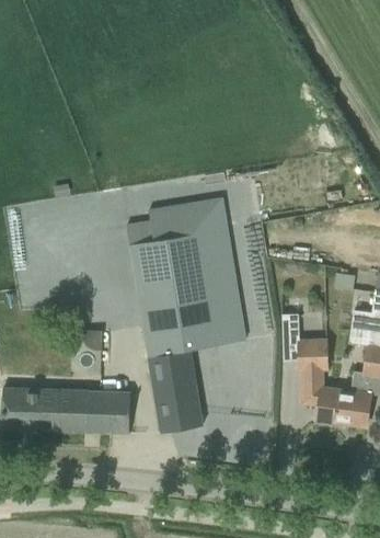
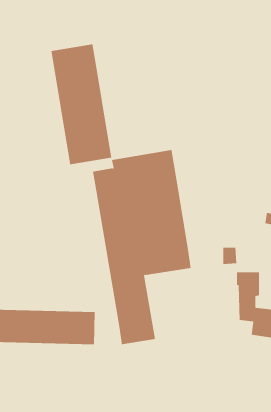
building: none -> [51,44,112,165]

